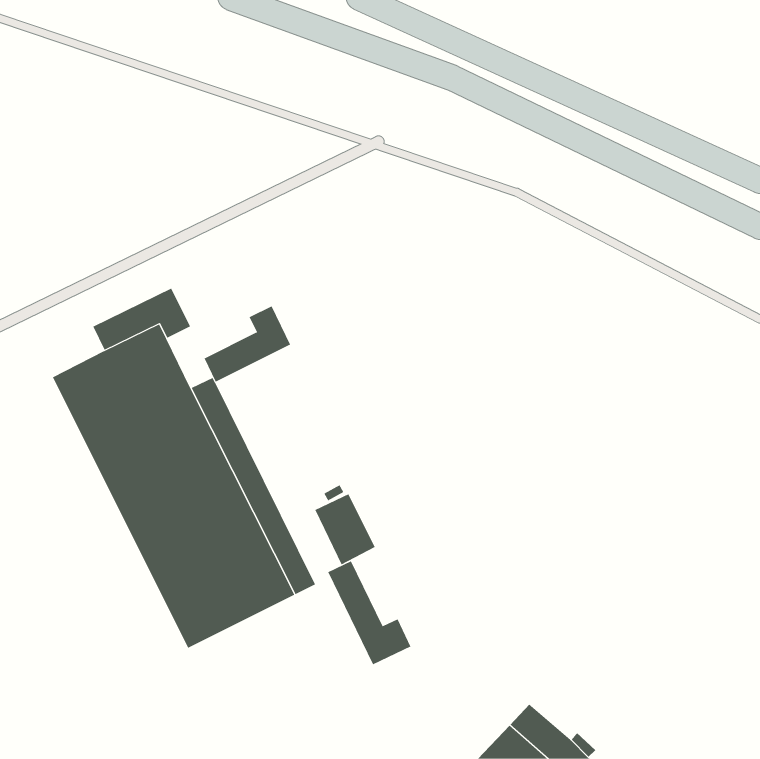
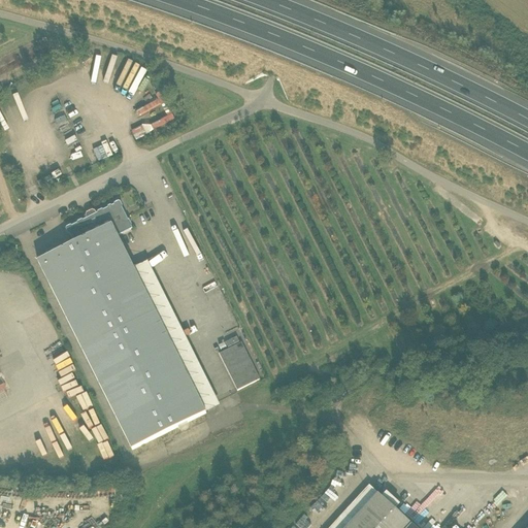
building: [204,306,291,382] -> none
building: [327,560,411,665] -> none

